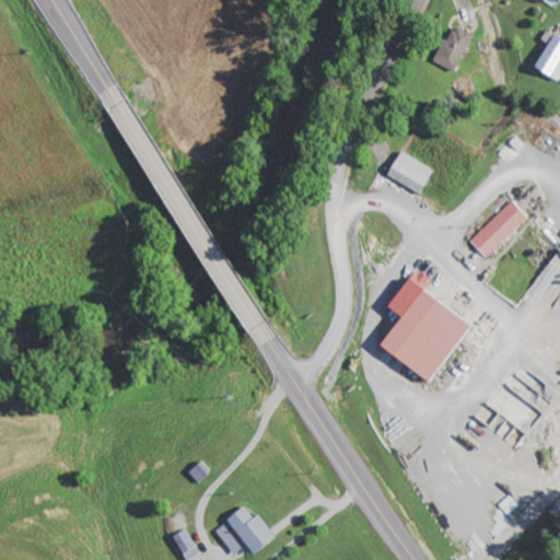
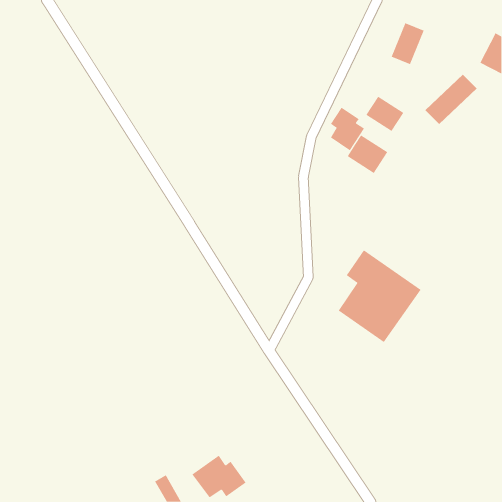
building: none -> [366,96,404,132]
building: none -> [330,107,365,151]
building: [469,200,528,257] -> [424,74,478,125]

